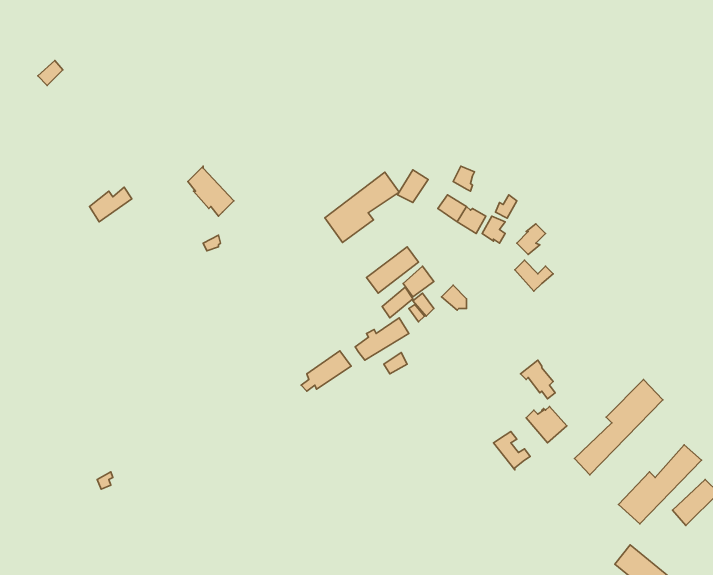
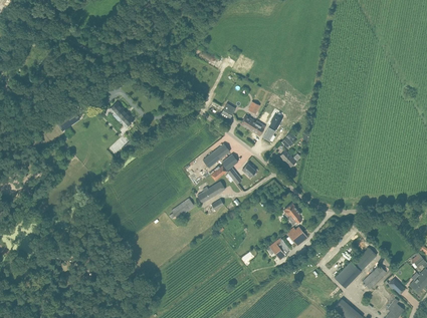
building: [325,172,399,242] -> none
building: [575,379,663,475] -> none

